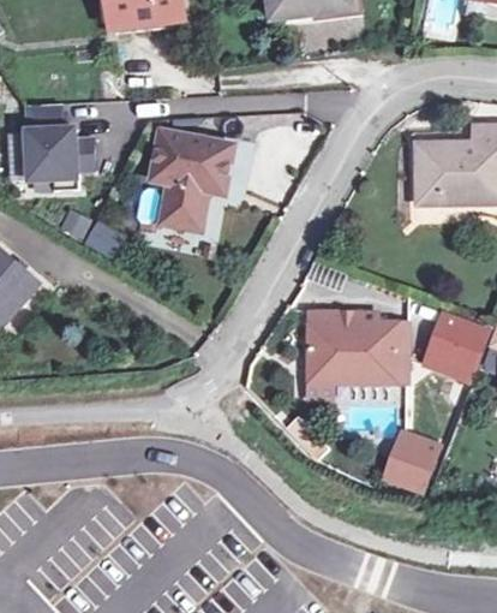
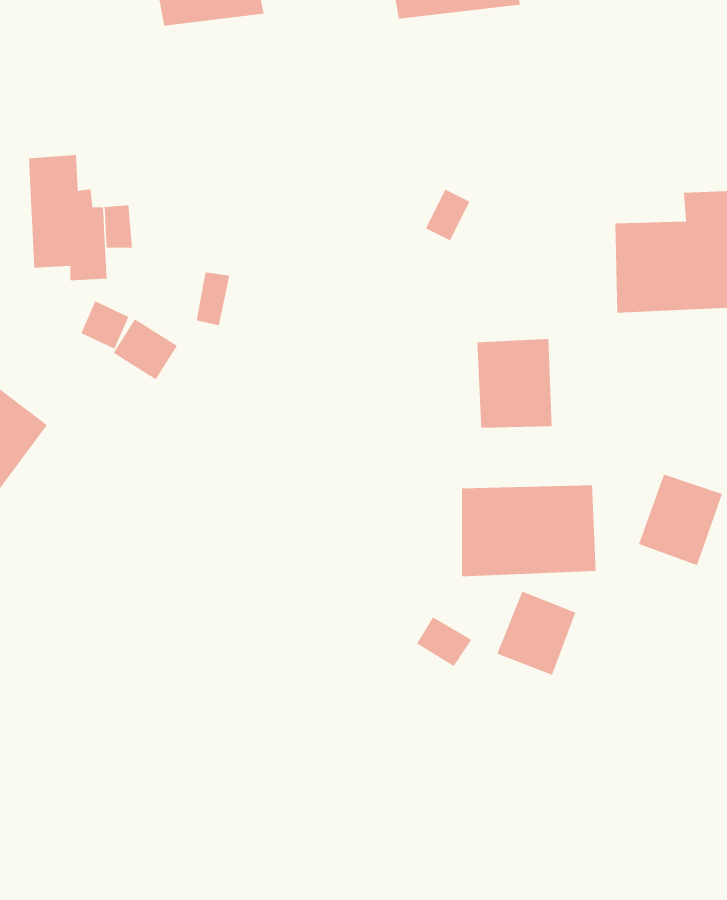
building: [149,127,228,221] -> none
building: none -> [477,338,552,428]
building: [393,432,445,488] -> [497,591,576,676]

